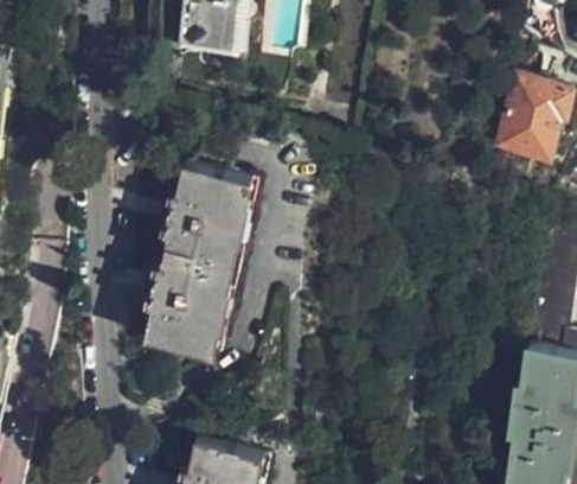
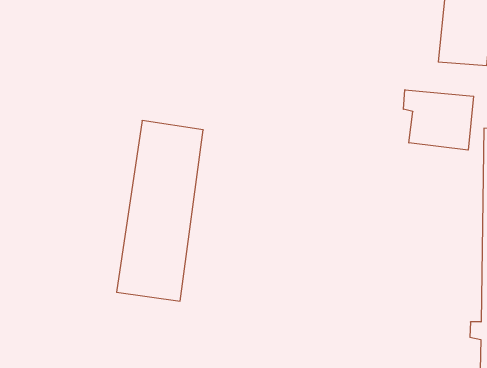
building: none -> [403,90,474,150]

